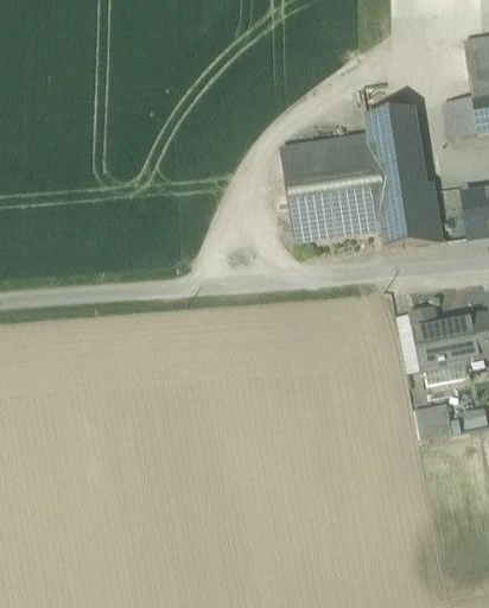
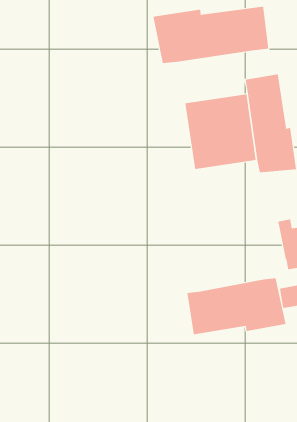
building: none -> [153,6,269,64]
building: none -> [187,278,286,335]

